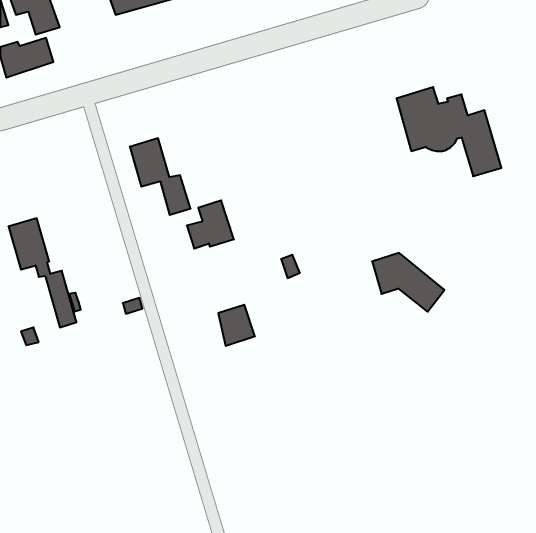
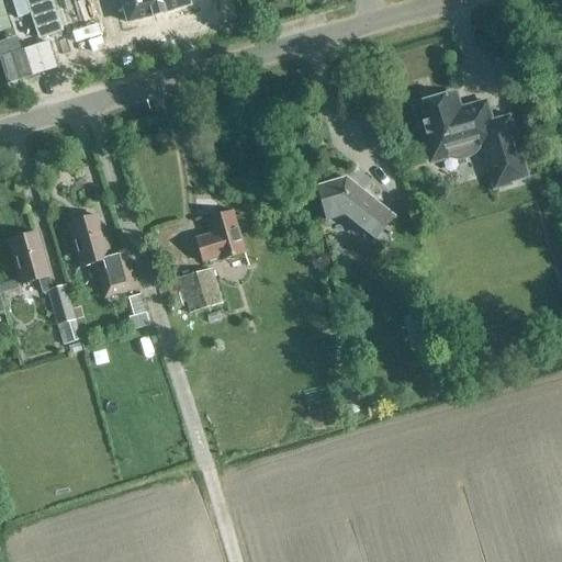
building: [130,138,191,215] -> [68,214,132,294]
building: [372,253,444,312] -> [317,176,393,237]
building: [218,305,255,346] -> [182,268,221,311]

